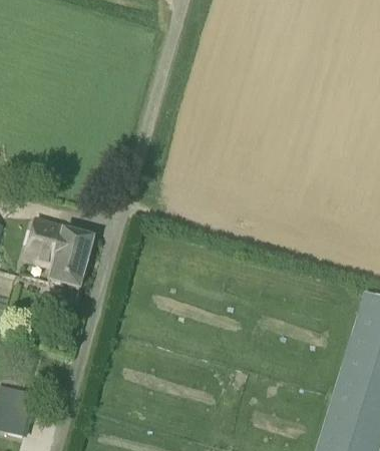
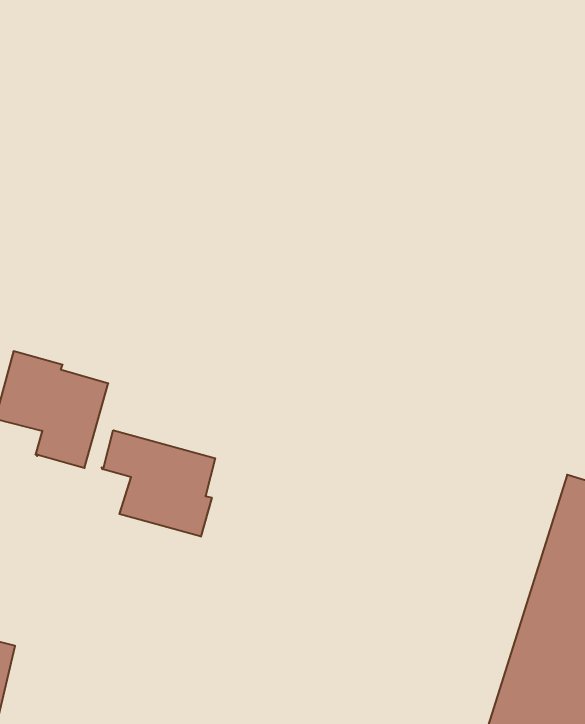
building: none -> [102,430,215,537]

